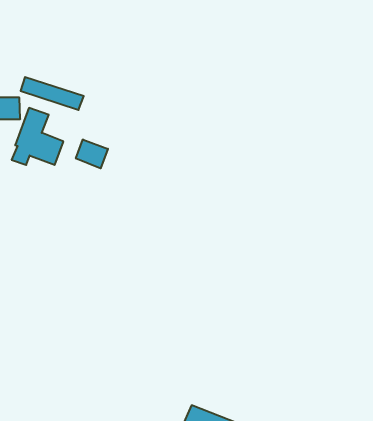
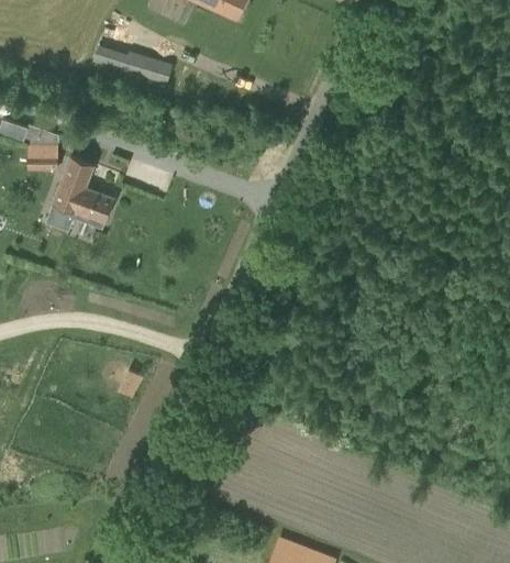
building: [21,77,84,110] -> [93,42,174,84]
building: [76,139,108,168] -> none

